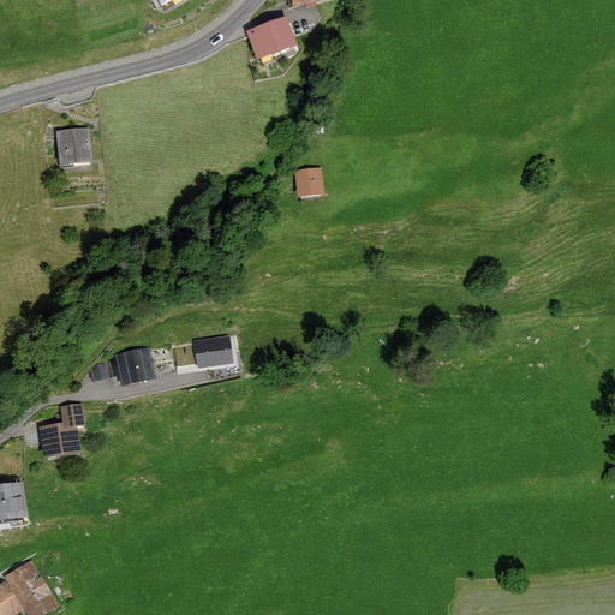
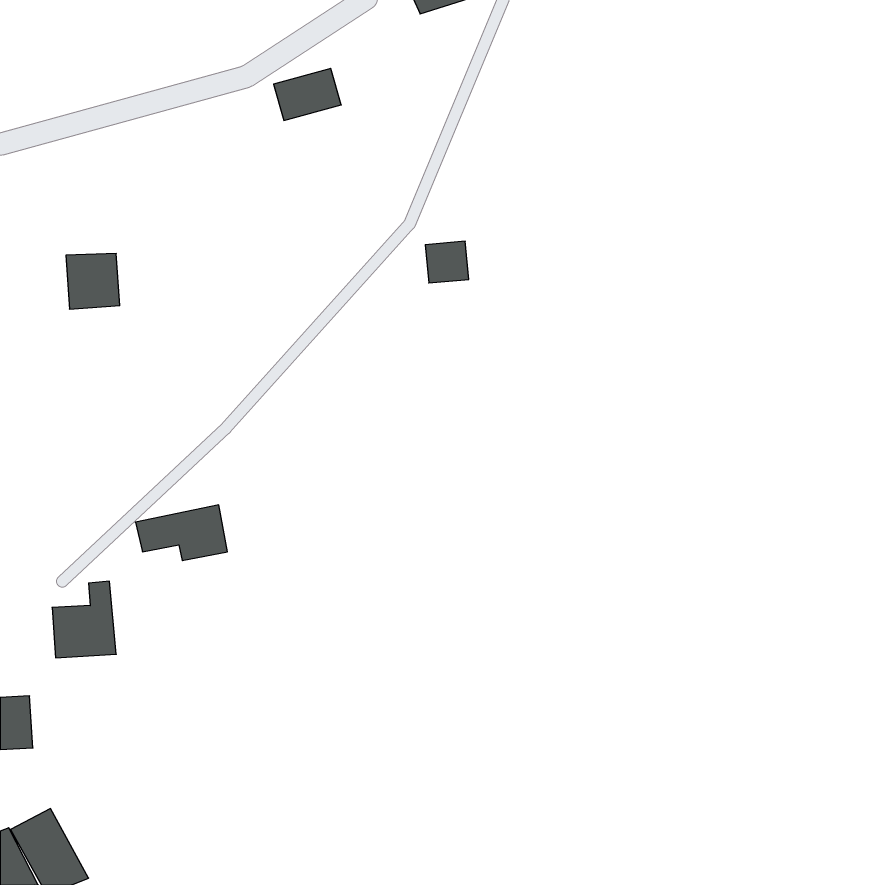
building: [241,20,288,56] -> [274,68,341,120]
building: [54,129,91,167] -> [66,254,120,309]
building: [196,338,231,365] -> none

